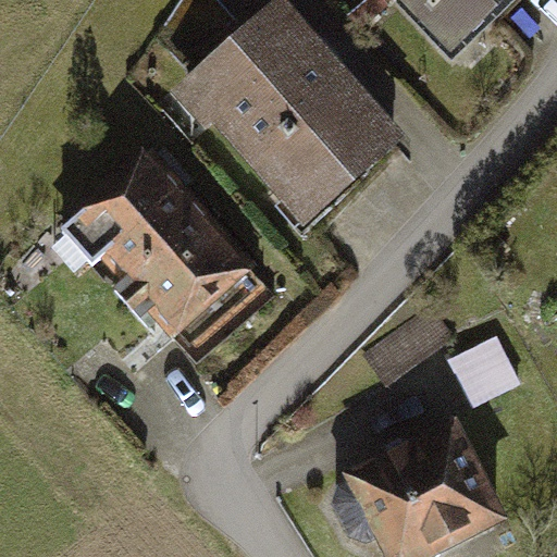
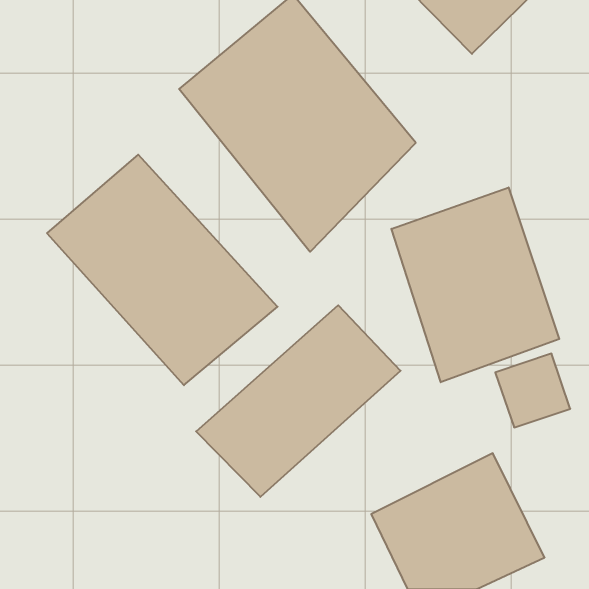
building: none -> [391,187,559,382]
building: none -> [196,305,401,497]

